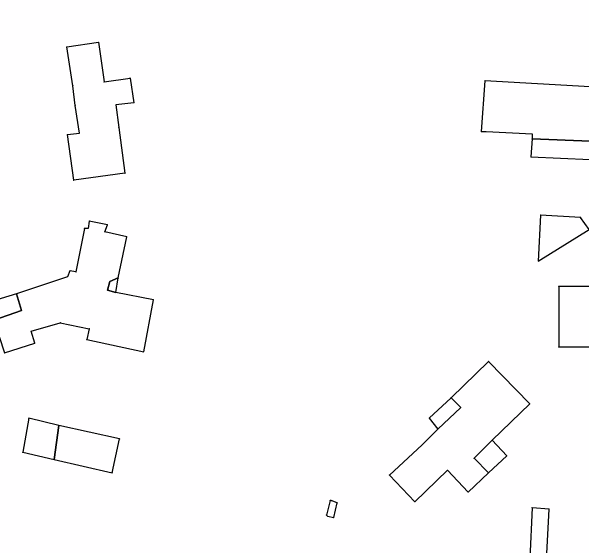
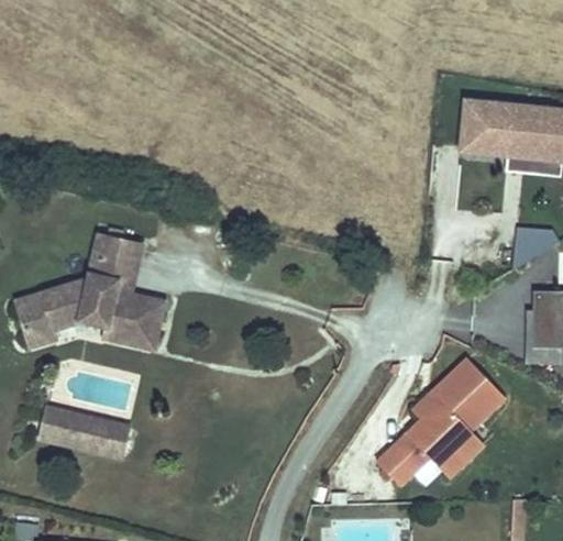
building: [67,42,134,180] -> none

